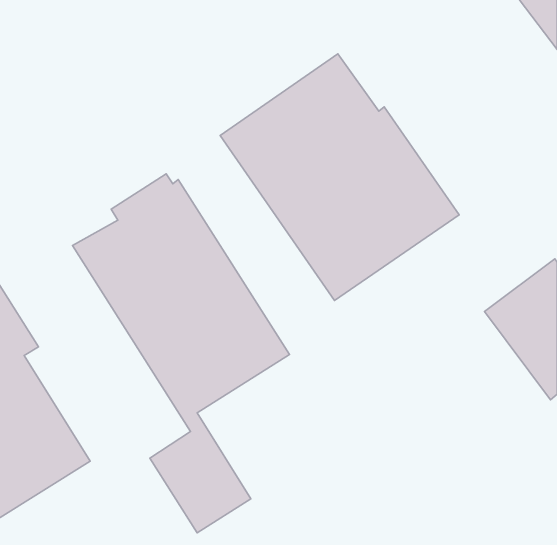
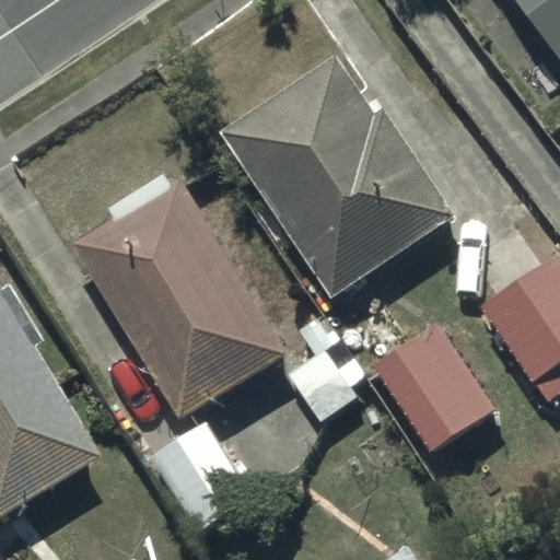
building: none -> [371,319,495,452]

